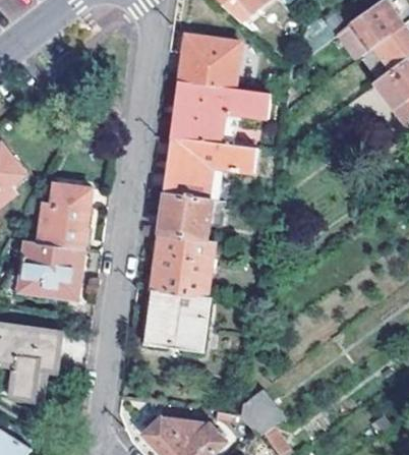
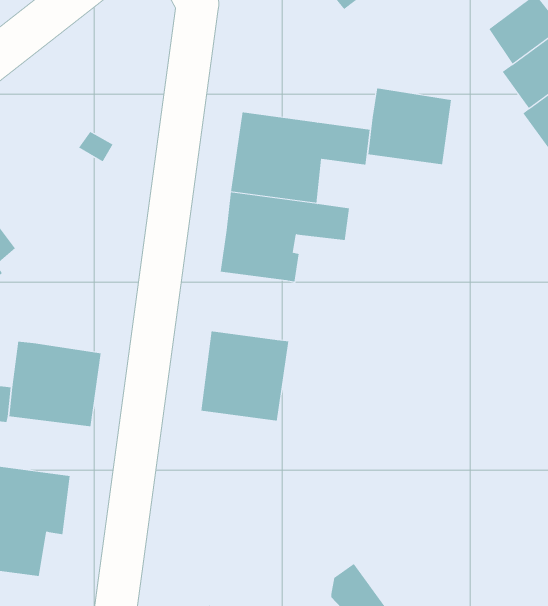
building: [180,35,238,88] -> [367,88,452,165]
building: [37,182,92,246] -> none
building: [159,190,211,237] -> none
building: [143,286,209,346] -> none

